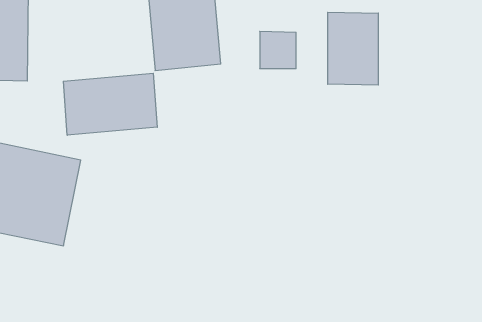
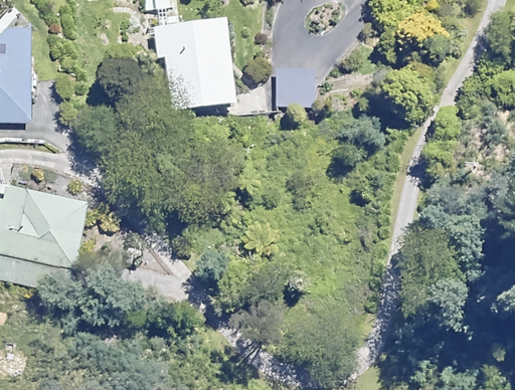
building: [328,12,378,85] -> none
building: [63,73,157,135] -> none

